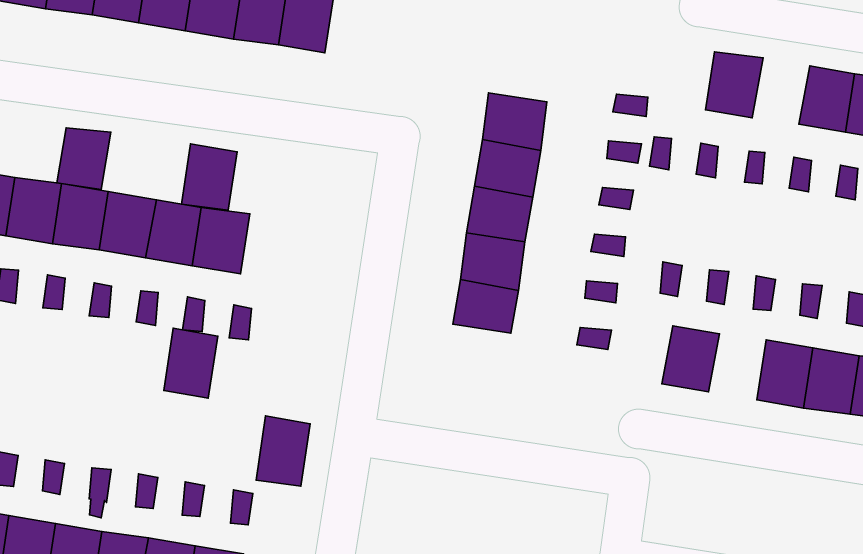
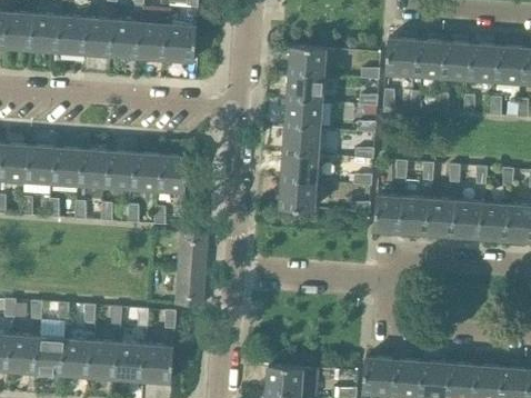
building: none -> [385,39,414,74]
building: none -> [289,48,324,78]
building: none -> [439,42,469,78]
building: [57,128,111,190] -> none
building: [181,144,237,210] -> [158,156,187,191]
building: none -> [375,196,404,231]
building: [164,328,218,398] -> [179,233,207,271]
building: none -> [428,200,458,236]

